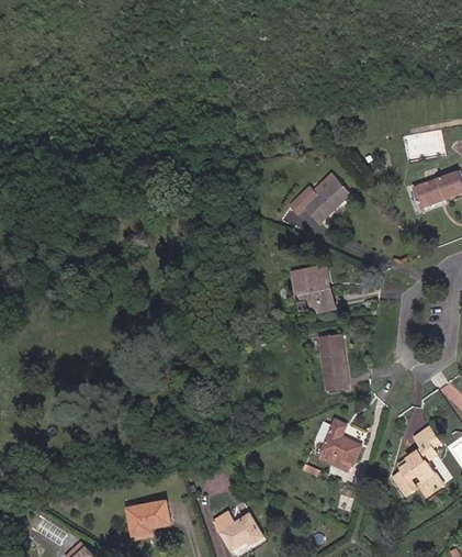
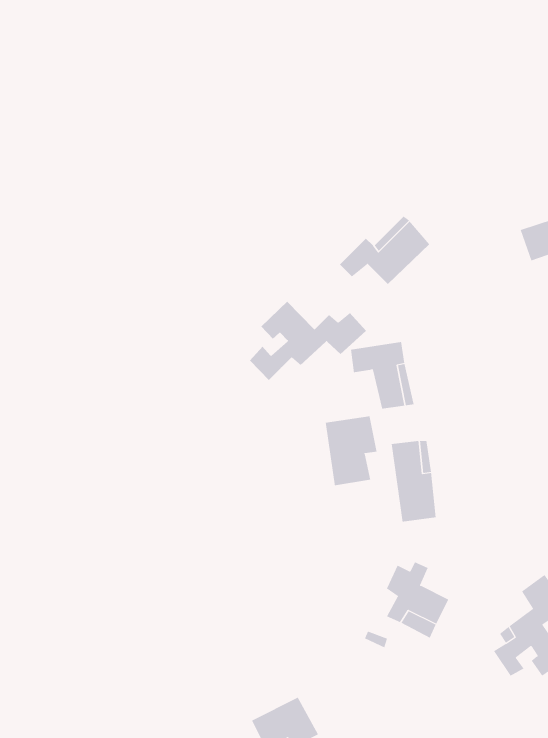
building: none -> [249,301,367,381]
building: none -> [325,416,377,486]
building: [133,500,173,534] -> none

